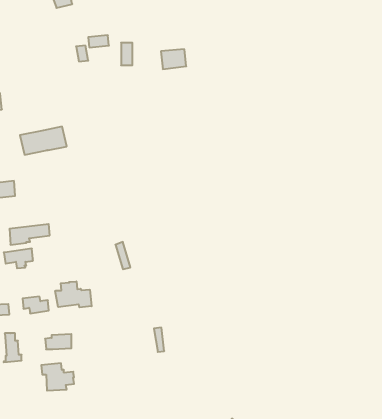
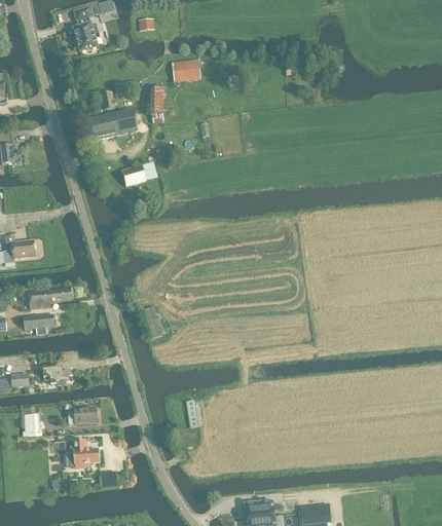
building: [161,49,186,69] -> [173,60,200,81]
building: none -> [121,161,157,186]
building: [20,127,67,155] -> [86,109,138,140]
building: [55,281,92,307] -> none

